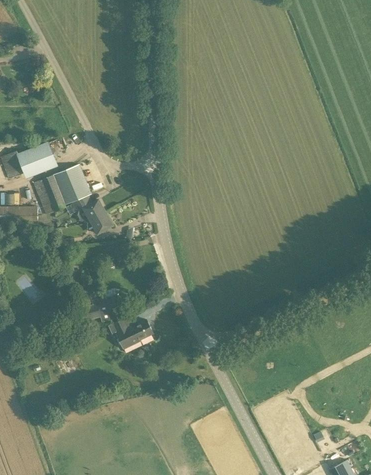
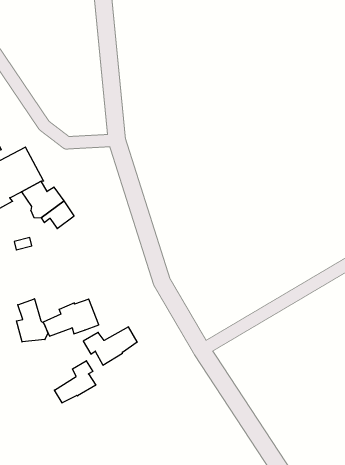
building: none -> [16,299,48,342]
building: none -> [54,361,96,403]

